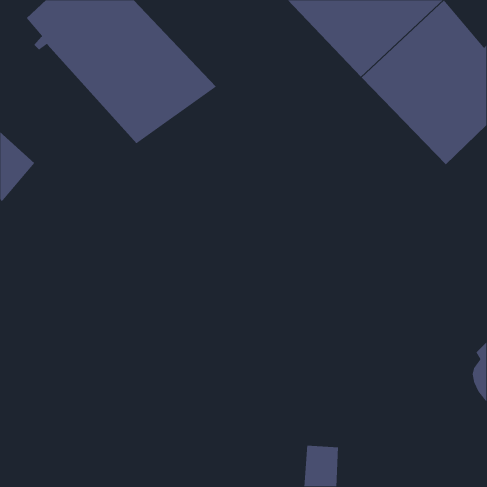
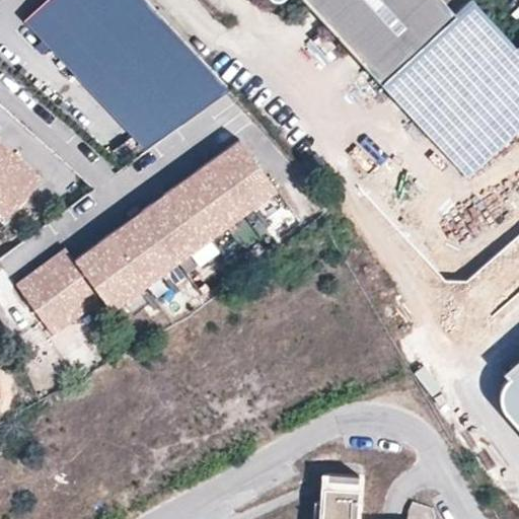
building: none -> [10,143,274,332]

